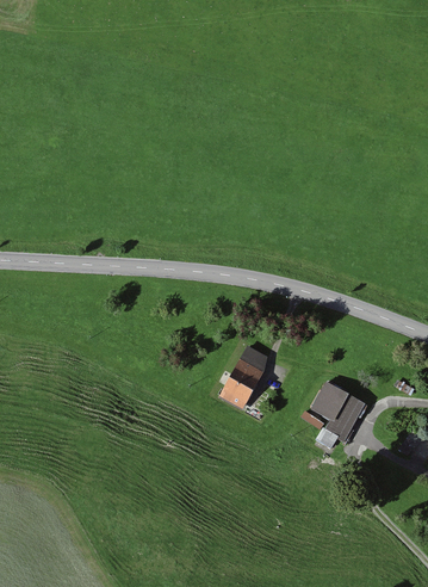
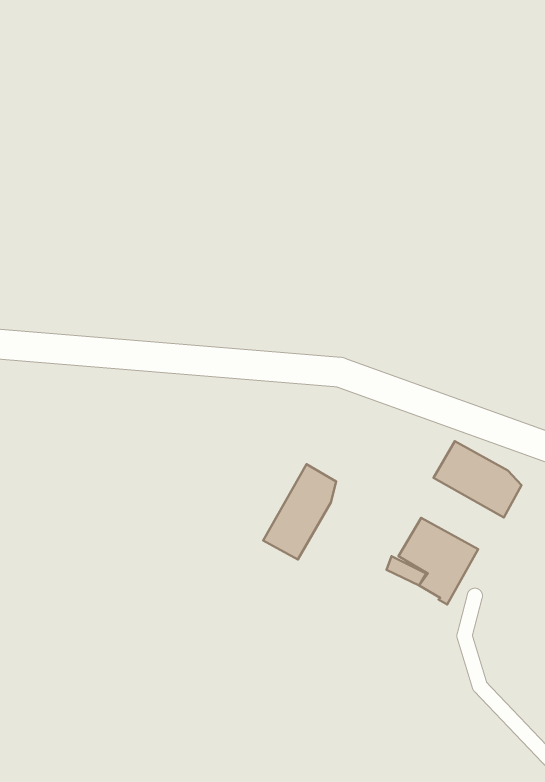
building: none -> [434,441,521,517]

